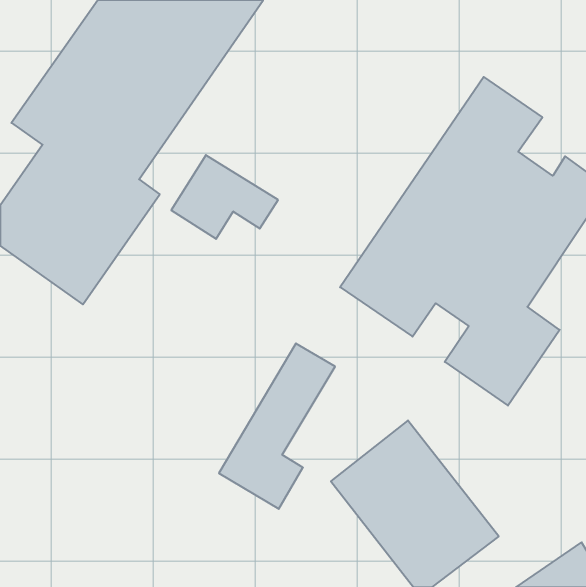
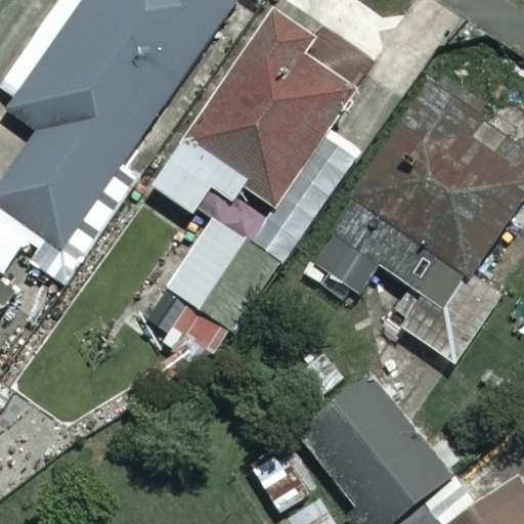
building: none -> [191,14,361,193]
building: [219,343,335,509] -> [142,216,246,363]

